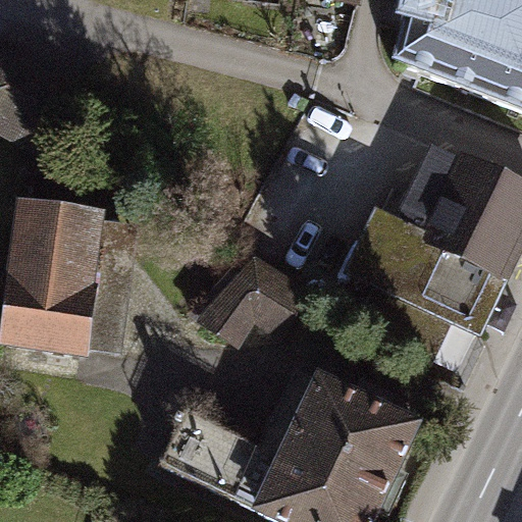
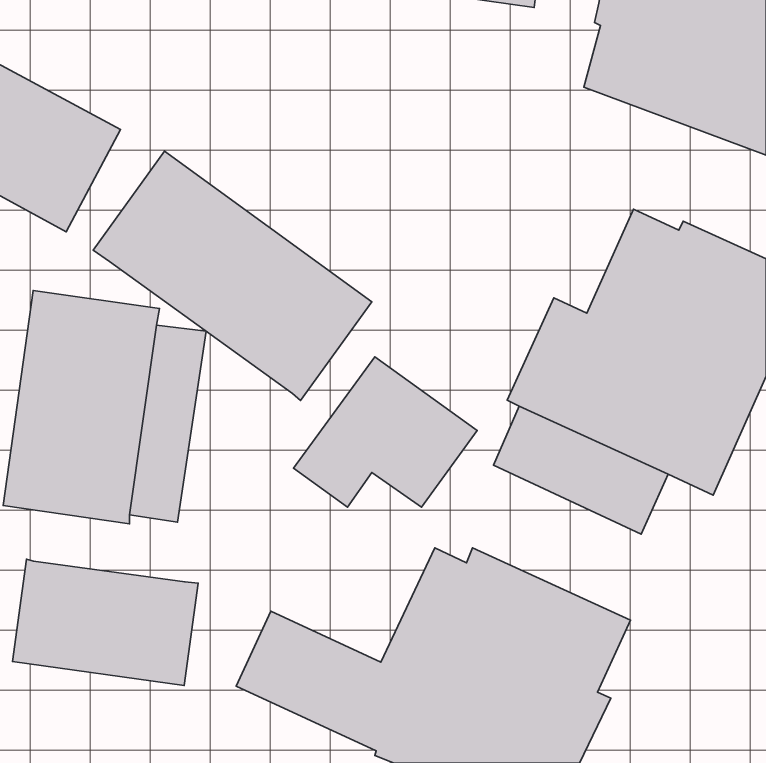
building: none -> [93,151,372,401]
building: none -> [12,559,198,686]

